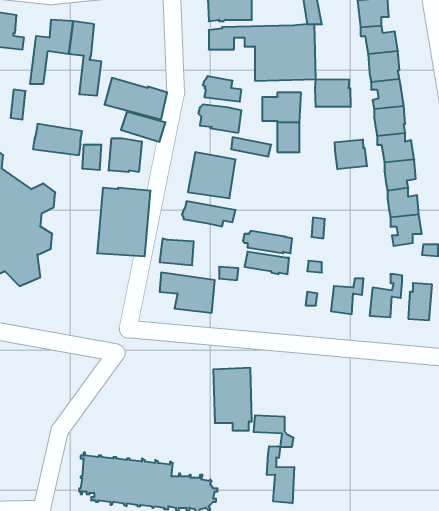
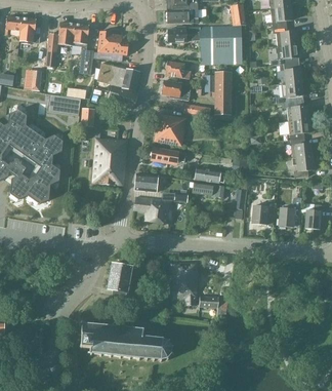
building: none -> [97,31,129,54]
building: [315,79,351,107] -> none
building: [109,138,142,172] -> none
building: [335,139,367,169] -> none
building: none -> [108,259,137,300]
building: [267,446,294,503] -> none

